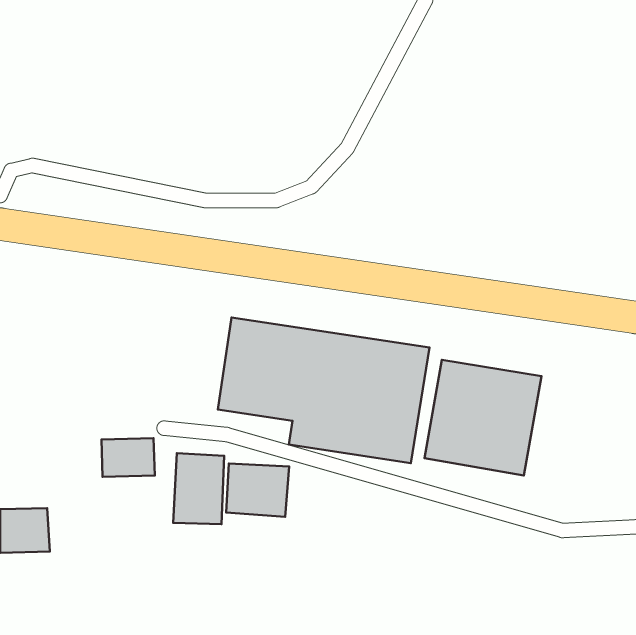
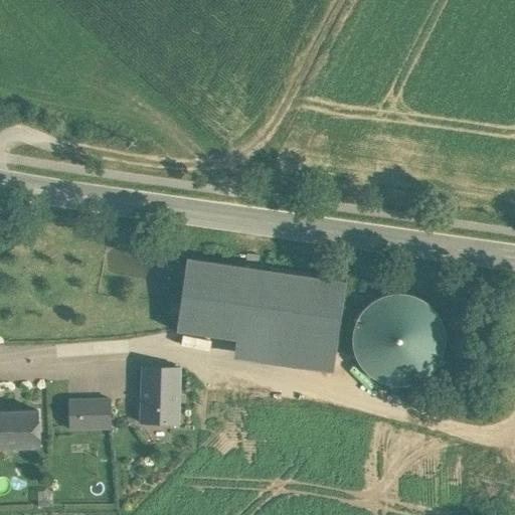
building: [101,438,155,477] -> [68,398,112,430]
building: [226,463,289,517] -> none

